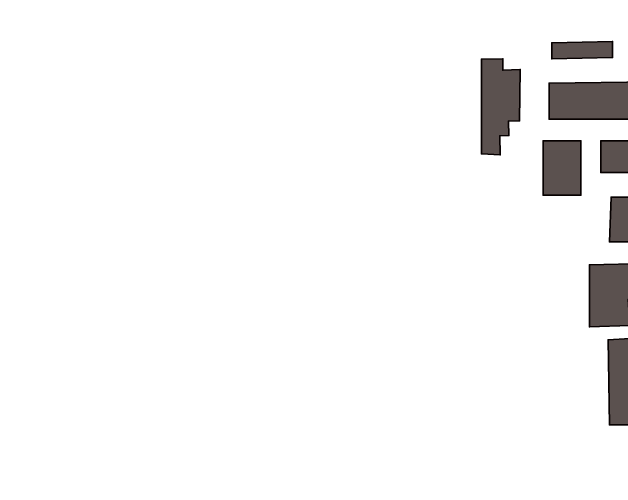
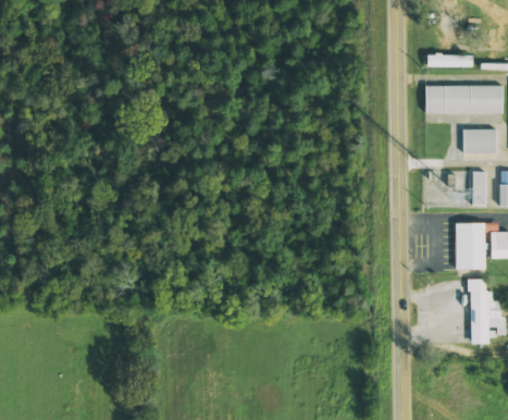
building: [482,59,520,155] -> none
building: [543,141,581,195] -> none

